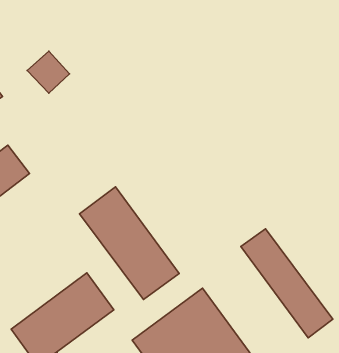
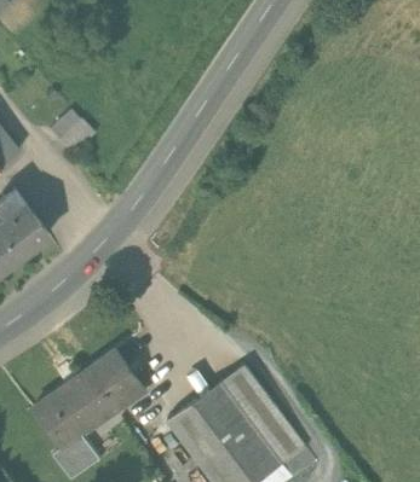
building: [79,187,179,300] -> none
building: [241,229,333,338] -> none

